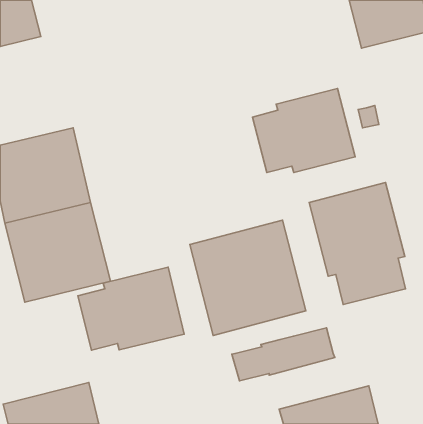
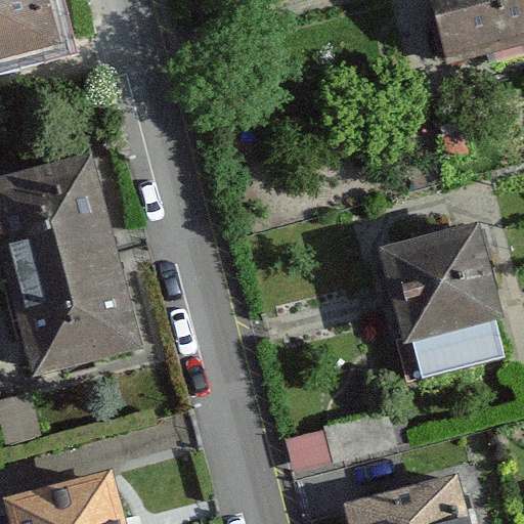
building: [252,88,355,173] -> none
building: [190,220,306,335] -> none
building: [78,267,184,350] -> none

